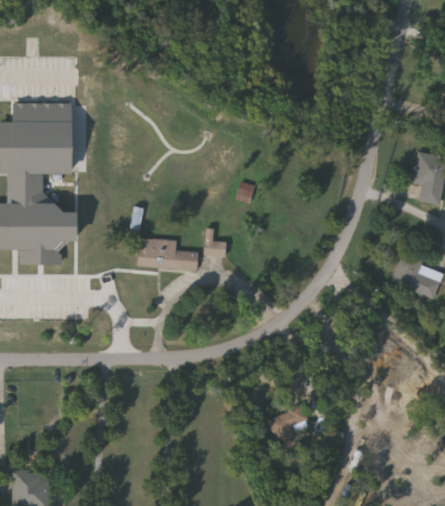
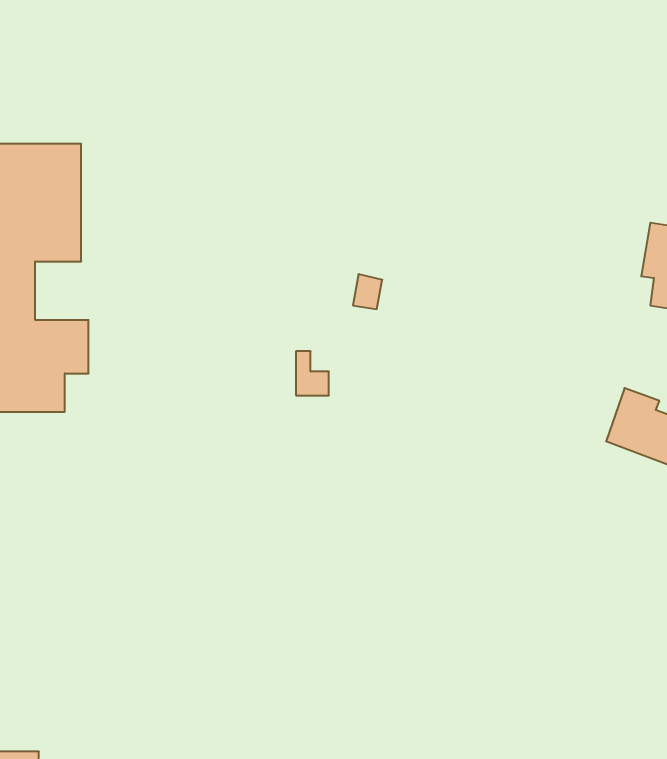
building: [135,237,196,270] -> none
building: [267,405,309,454] -> none

